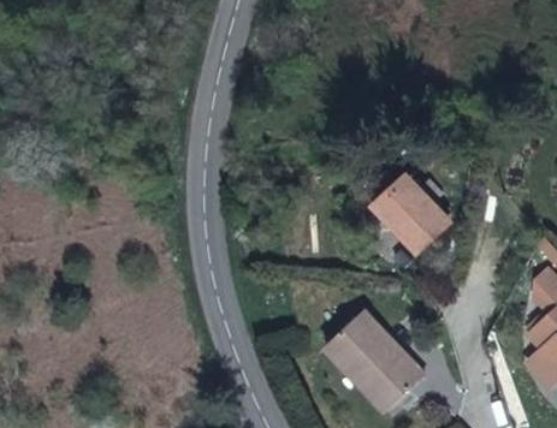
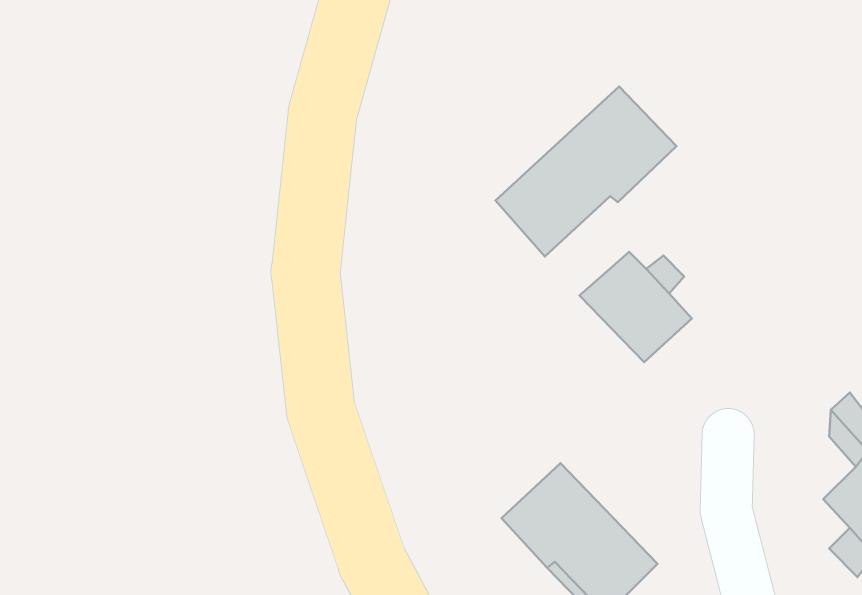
building: none -> [495,86,676,256]

